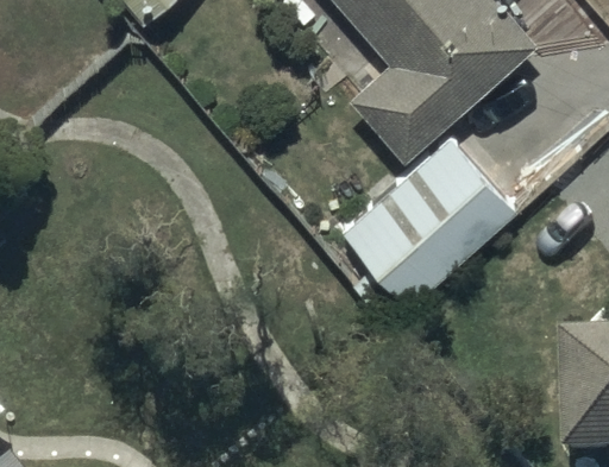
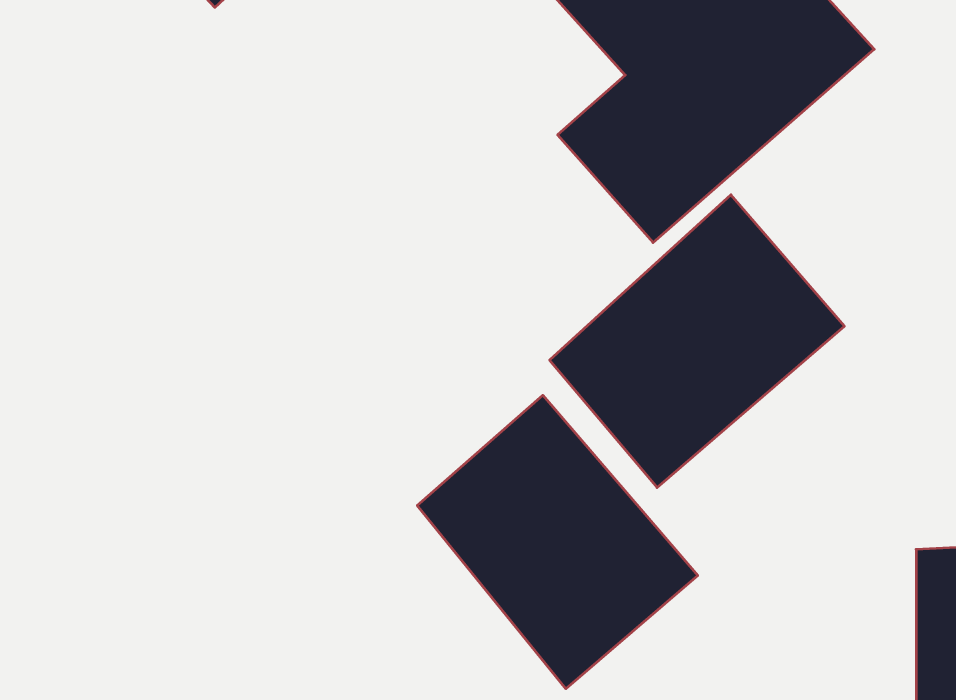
building: none -> [417,395,698,689]

